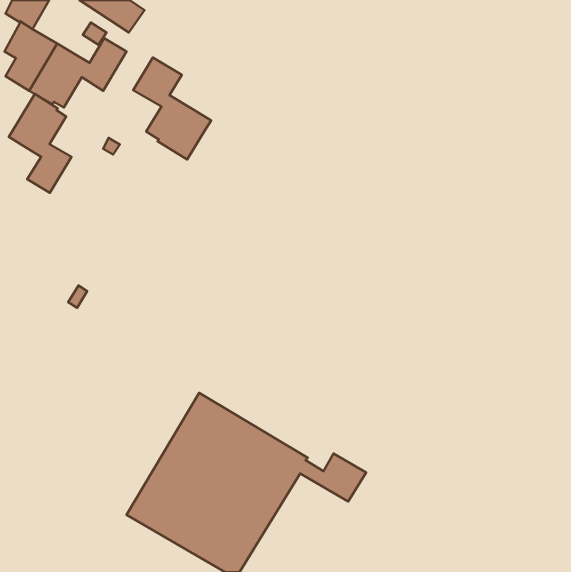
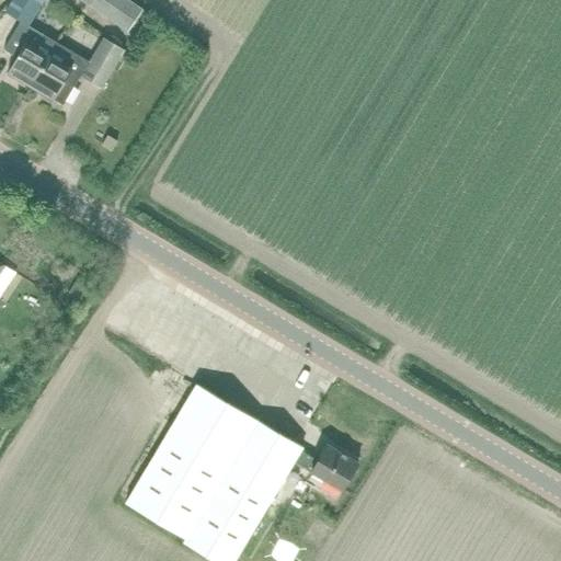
building: [133,57,211,160] -> none
building: [9,94,71,193] -> none

